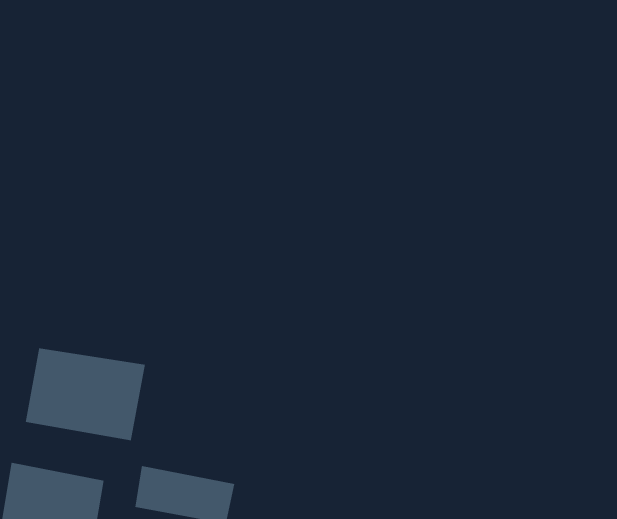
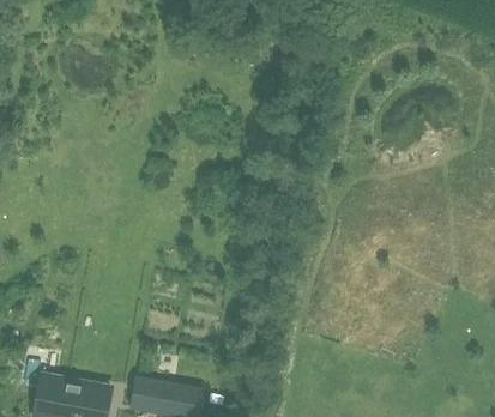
building: [25,347,146,441] -> none

